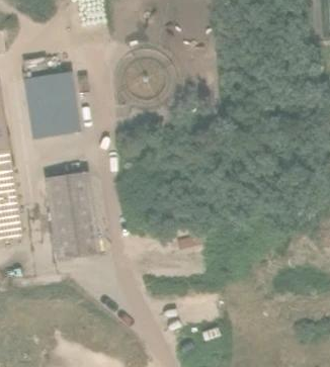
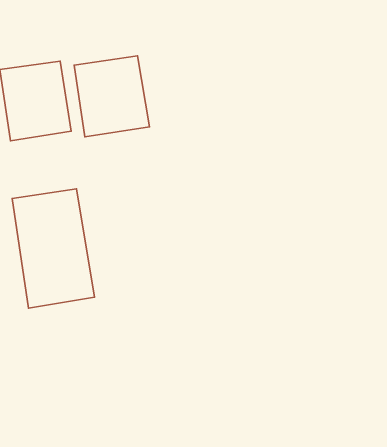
building: none -> [74,56,150,137]

